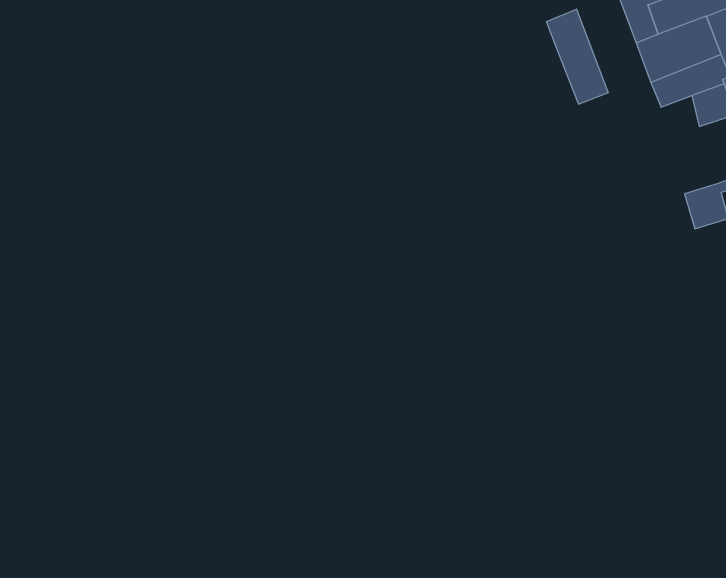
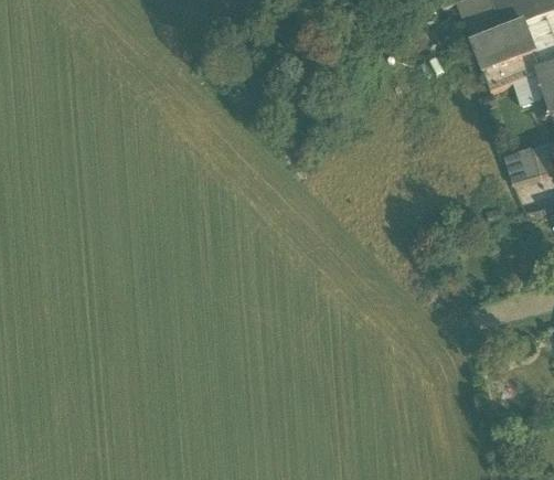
building: [547,9,608,104] -> none

